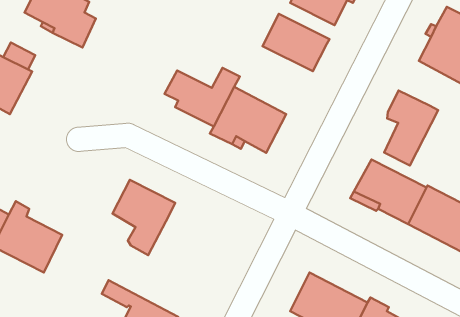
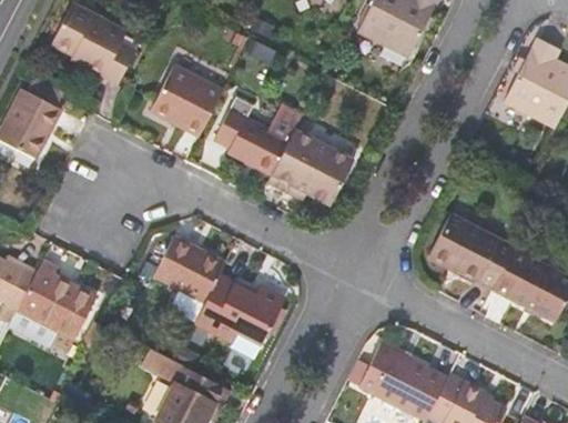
building: [262,14,329,71] -> none
building: none -> [148,63,223,138]
building: [384,90,438,166] -> none
building: none -> [195,275,285,343]

